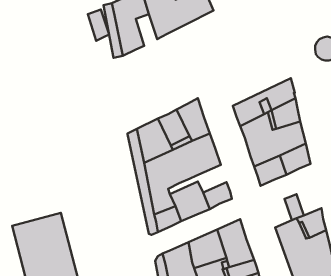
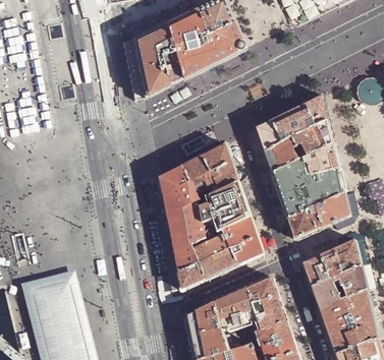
building: [88,9,109,41] -> [157,50,180,84]
building: none -> [256,94,328,151]
building: none -> [223,216,257,246]
building: none -> [334,238,362,272]
building: none -> [303,253,329,285]

